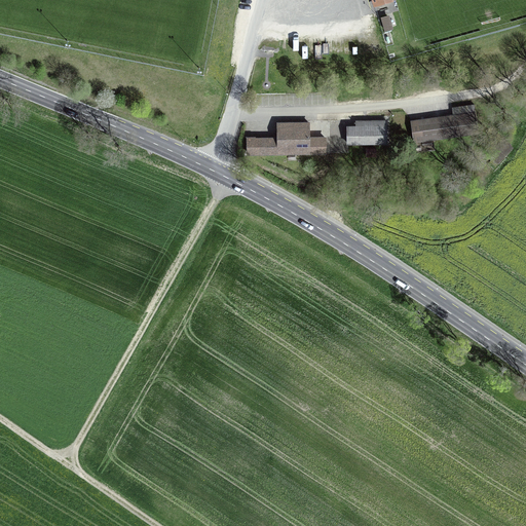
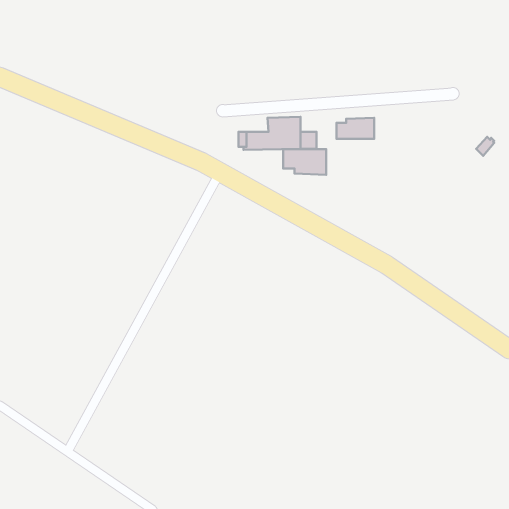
building: [410,105,477,142] -> none
building: none -> [283,149,326,175]

